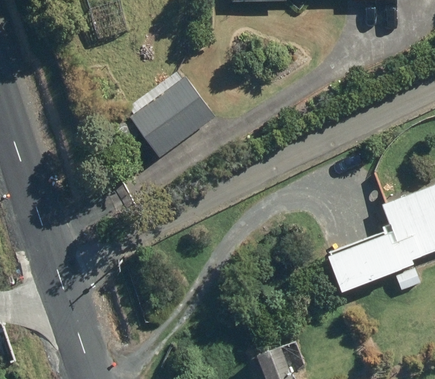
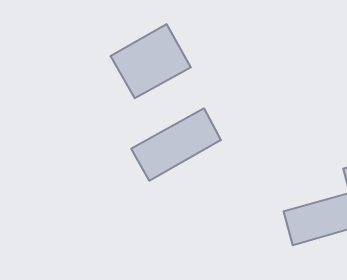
building: none -> [131,108,221,181]

